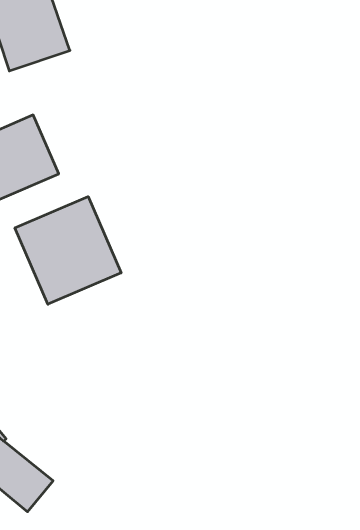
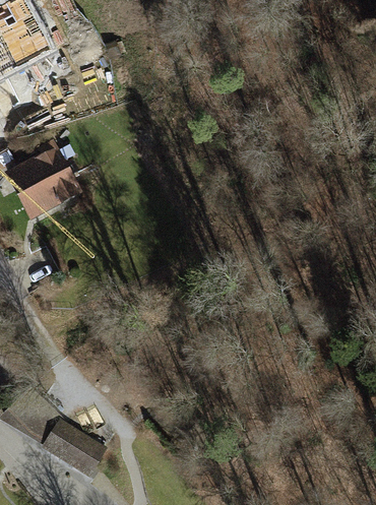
building: [15,197,121,304] -> none

